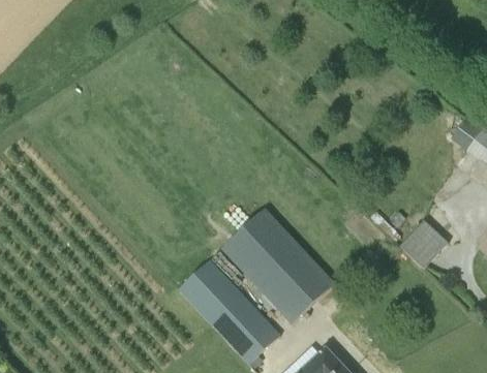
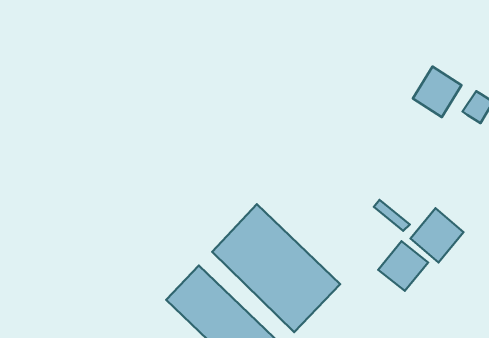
building: none -> [413,67,462,117]
building: none -> [378,241,428,291]

